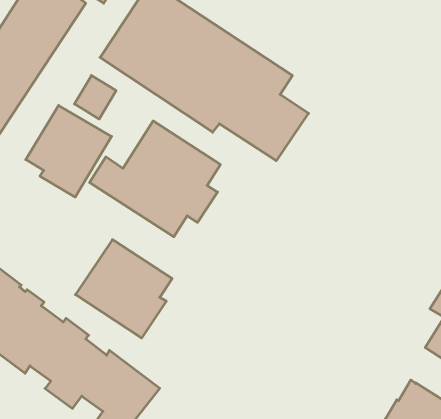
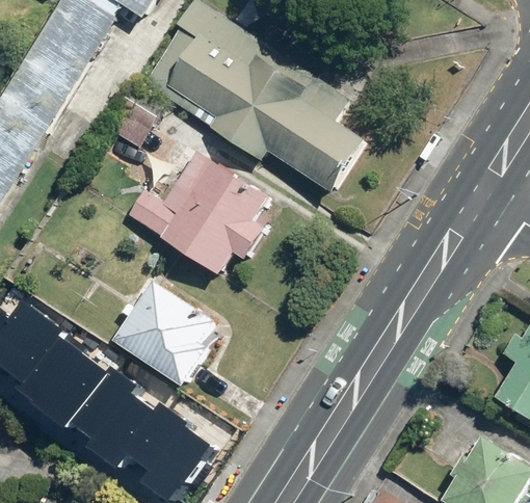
building: [26,105,112,197] -> none

